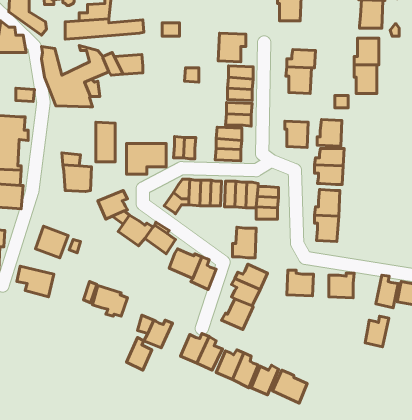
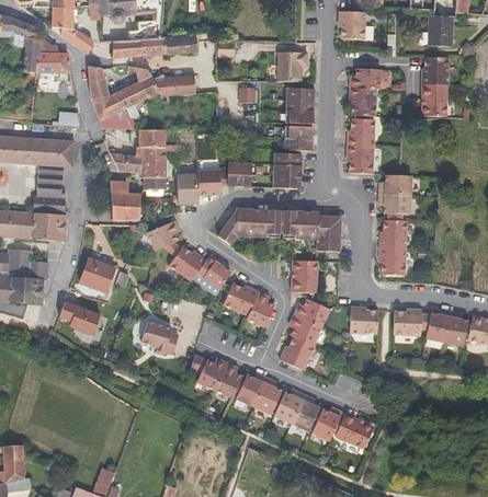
building: none -> [107,130,166,173]
building: [317,120,342,146] -> [348,118,374,147]
building: [365,316,389,347] -> [427,309,452,342]
building: [126,338,152,370] -> [215,362,242,397]

